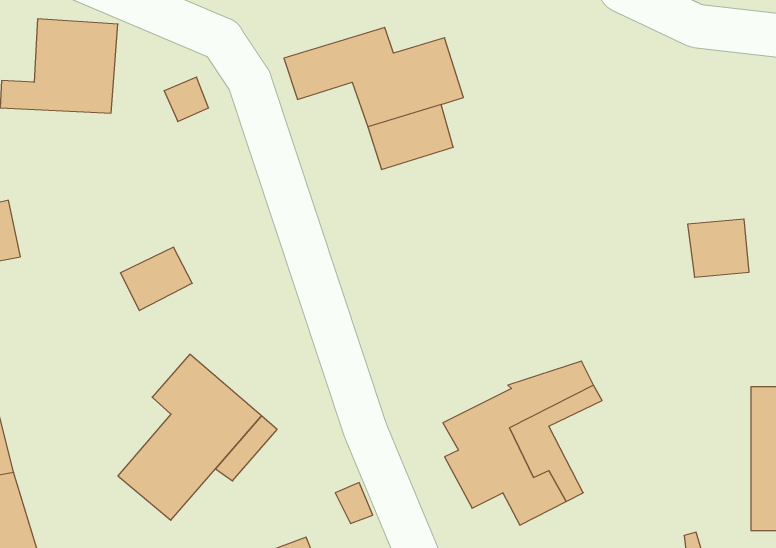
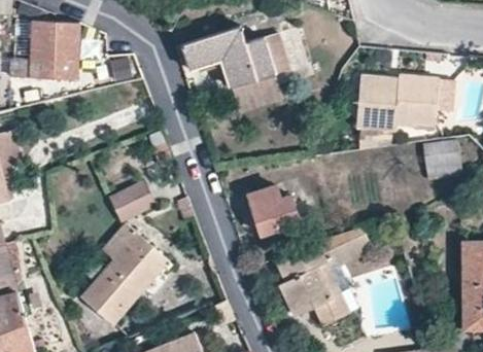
building: none -> [354,75,453,130]
building: [120,247,192,311] -> [109,183,152,221]
building: none -> [247,186,299,233]

